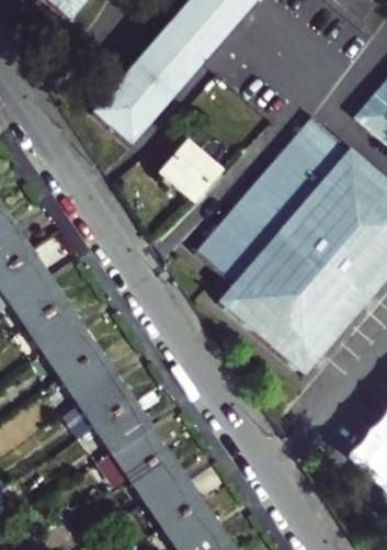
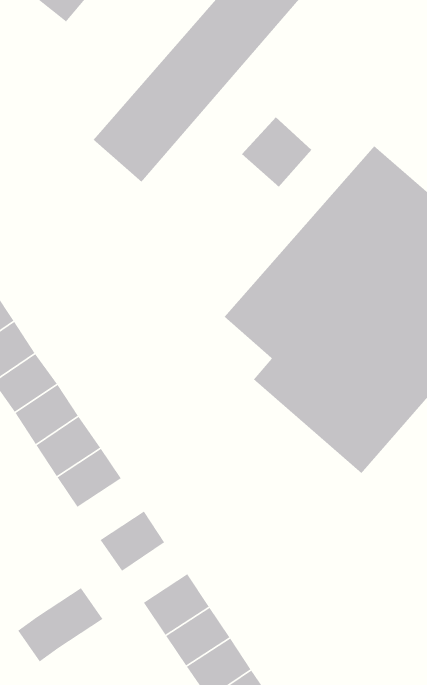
building: [160,143,216,199] -> [241,116,312,188]
building: [64,378,132,437] -> [17,587,104,662]
building: [114,428,166,475] -> none

